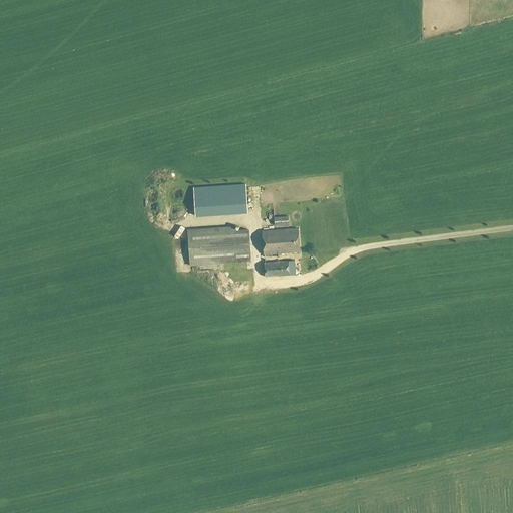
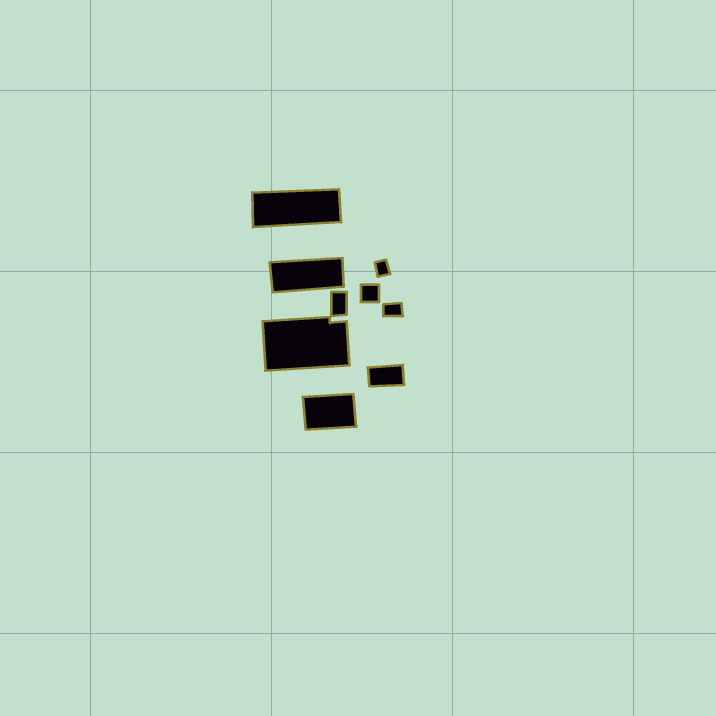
building: none -> [252,189,341,227]
building: [261,228,299,253] -> [303,394,356,429]

